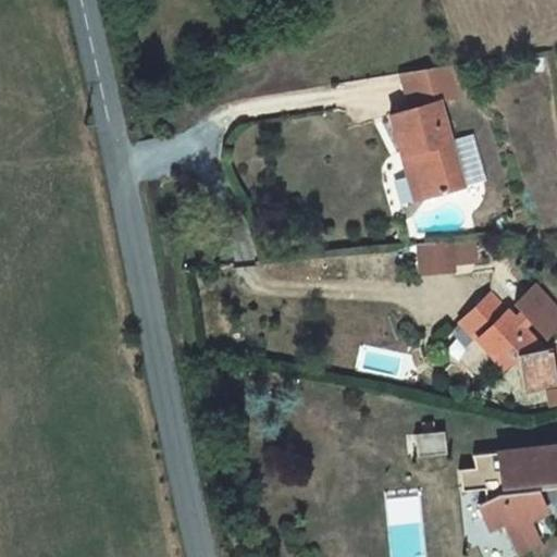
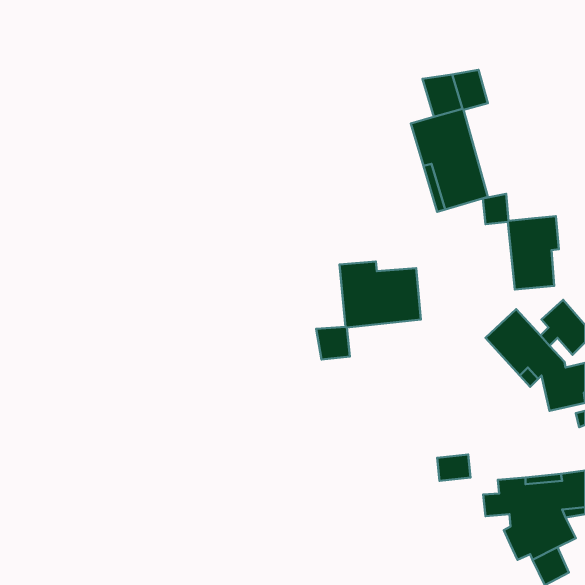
building: none -> [483,194,559,289]
building: [419,242,455,275] -> none
building: none -> [316,262,421,360]

